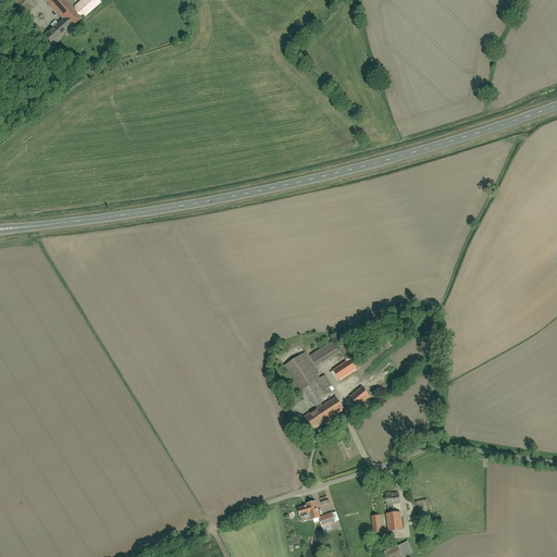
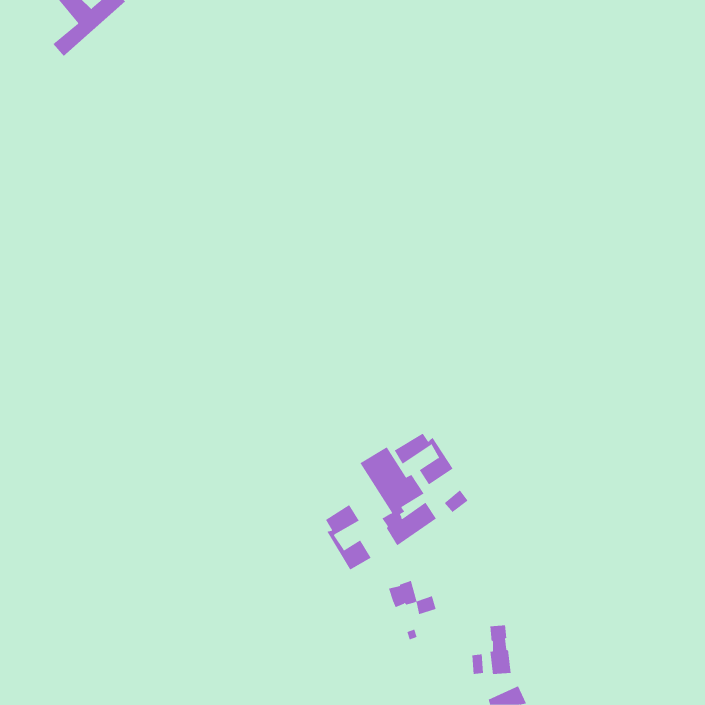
building: none -> [325,504,372,571]
building: [297,499,335,527] -> [388,580,436,615]

